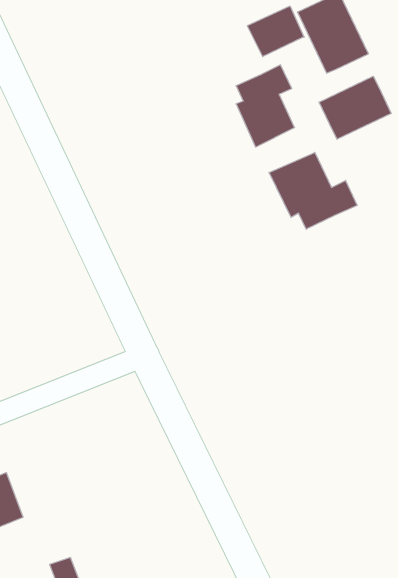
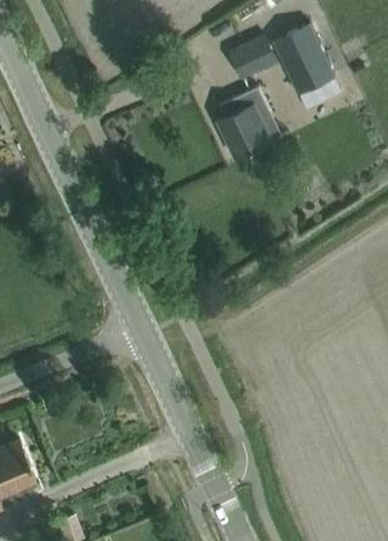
building: [319,76,391,139] -> none
building: [269,152,357,229] -> none

